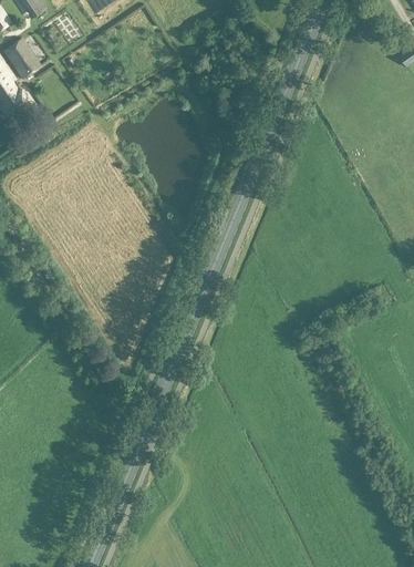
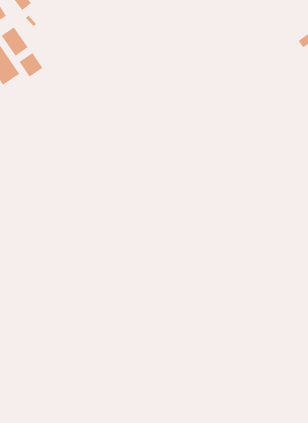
building: none -> [19,52,43,77]

